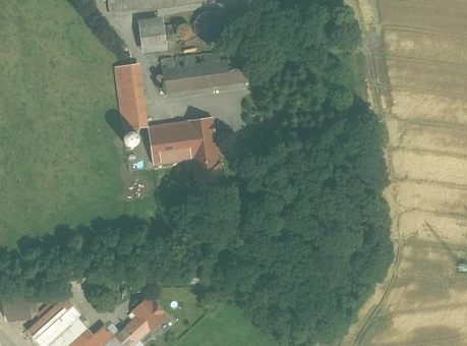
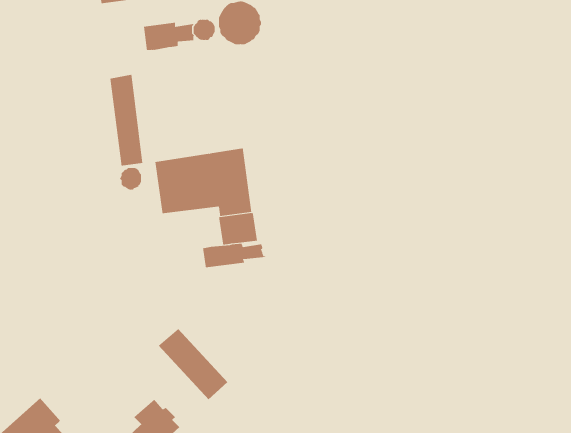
building: [161,49,249,94] -> none
building: none -> [203,243,266,268]
building: none -> [158,328,228,400]

